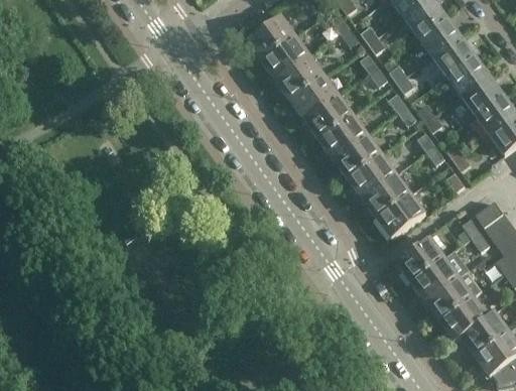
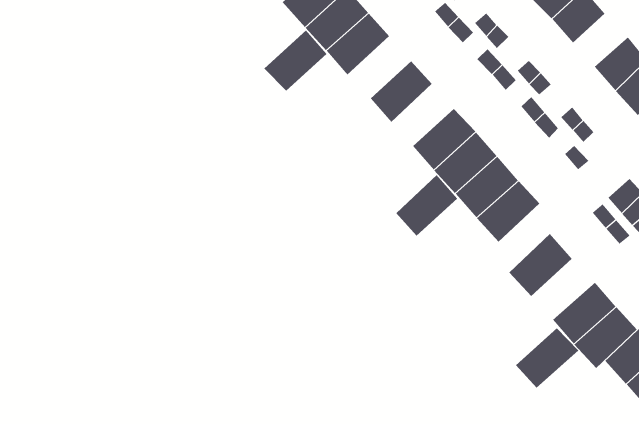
building: [289,76,339,121] -> [264,29,328,92]
building: [462,76,504,115] -> none
building: [318,115,367,160] -> [395,174,458,236]
building: [410,258,460,302] -> [515,327,579,388]

